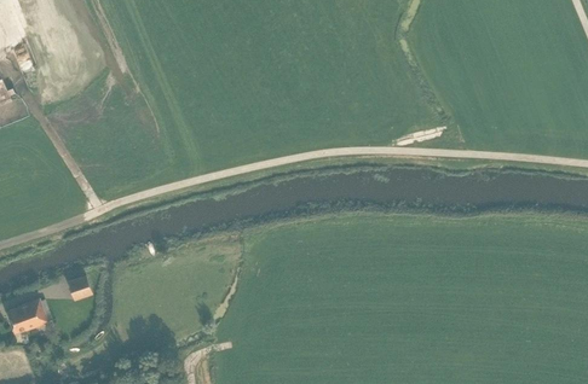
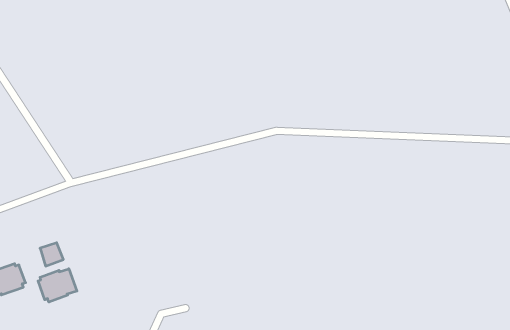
building: none -> [38,269,77,302]

